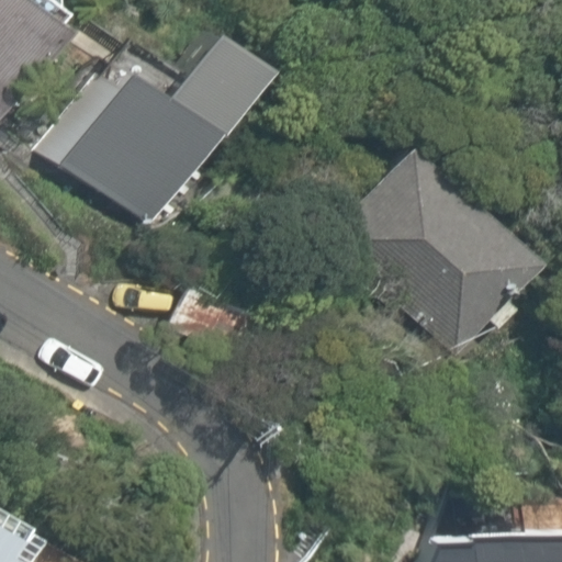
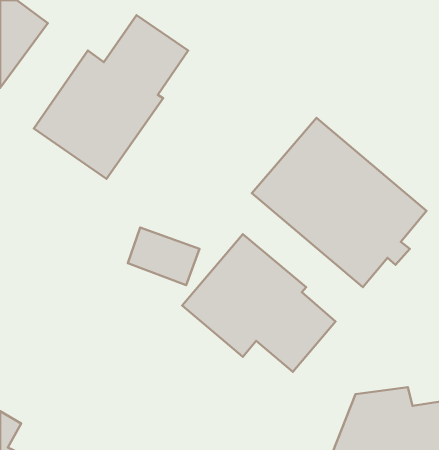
building: none -> [182,234,336,372]

